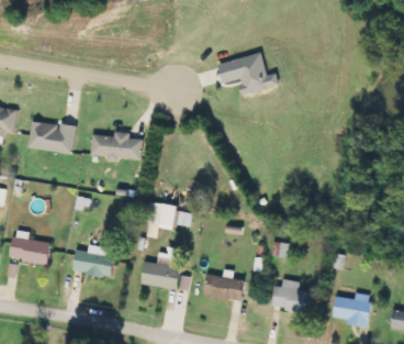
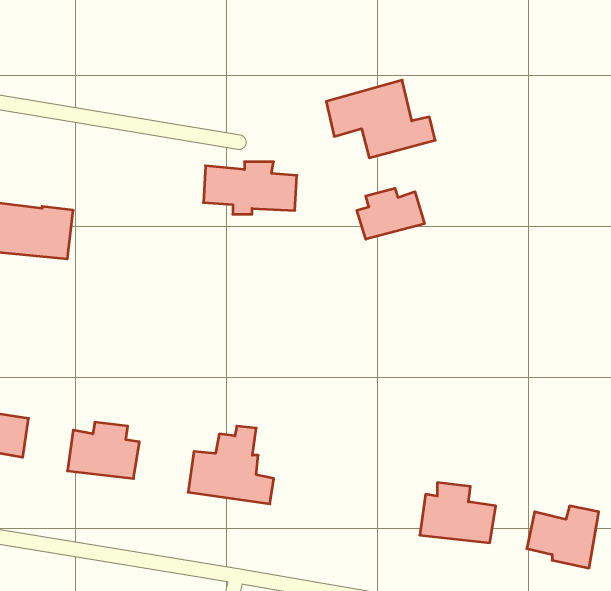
building: none -> [357,188,424,239]
building: [90,132,143,162] -> [203,162,297,214]
building: [144,201,175,237] -> none
building: [203,269,245,302] -> none

